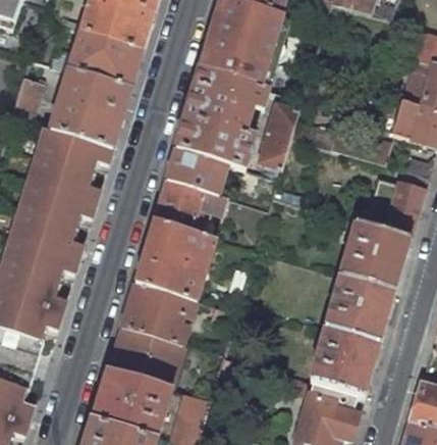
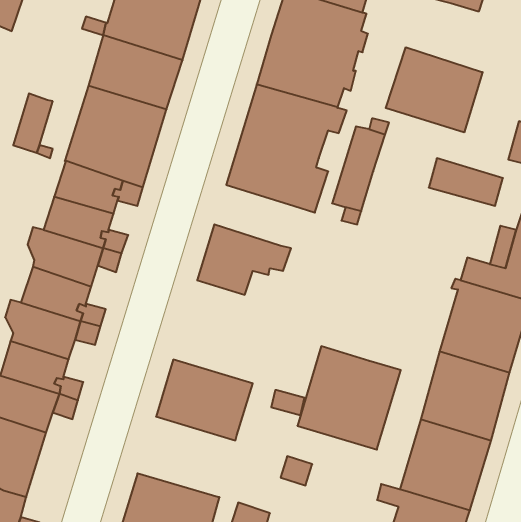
building: none -> [386,47,483,132]
building: [166,148,227,195] -> none
building: [134,221,214,301] -> [297,346,401,450]
building: [107,327,182,389] -> none

